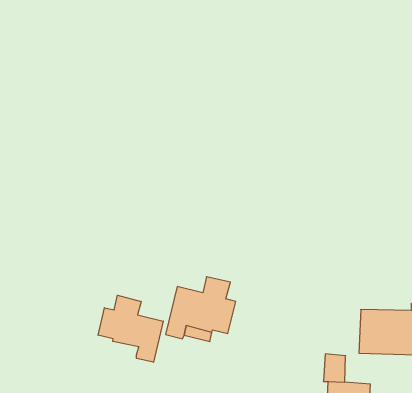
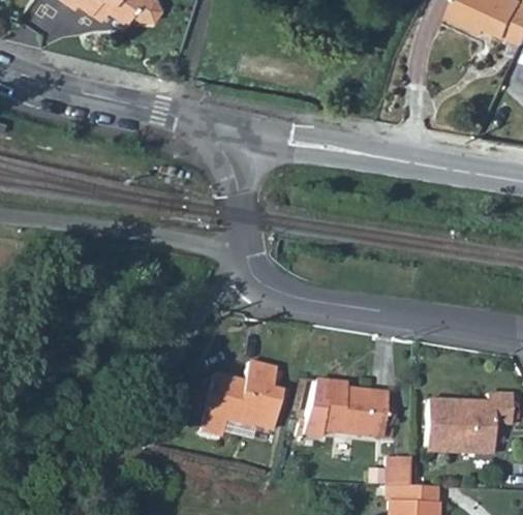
building: none -> [303,378,397,437]
building: [98,295,163,362] -> none

